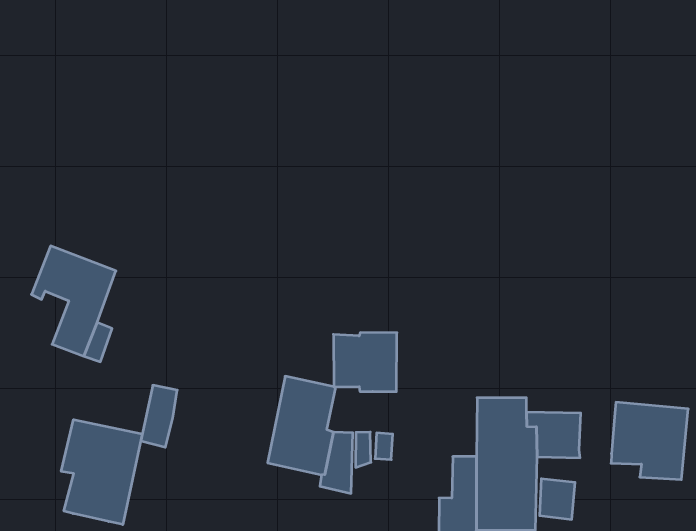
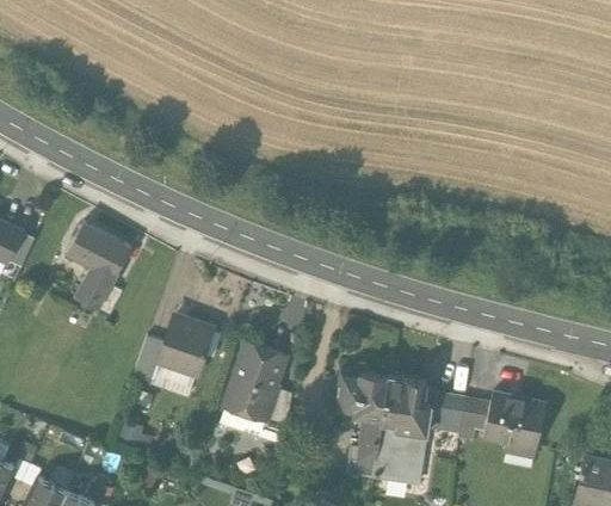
building: [333,333,397,392] -> [337,372,389,421]
building: none -> [159,319,211,375]
building: [61,420,142,525] -> none
building: [540,479,575,519] -> [461,399,490,432]

